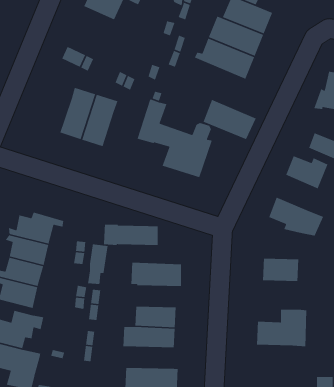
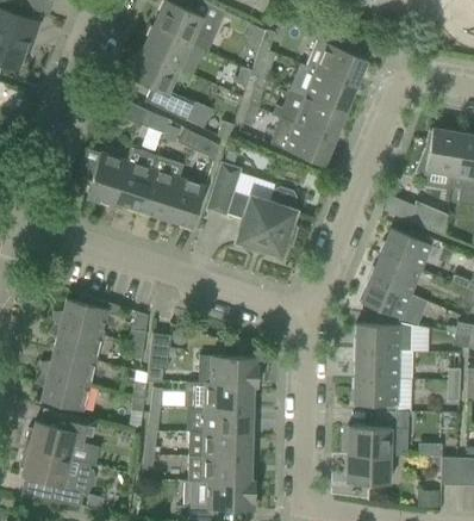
building: none -> [130,52,194,120]
building: none -> [86,148,131,206]
building: [202,99,257,140] -> [270,117,335,166]
building: none -> [166,165,205,228]
building: none -> [370,253,420,294]
building: [103,224,164,246] -> [187,383,258,409]
building: none -> [355,317,411,352]
building: none -> [354,378,397,411]
building: none -> [345,454,389,484]
building: none -> [188,457,250,482]

